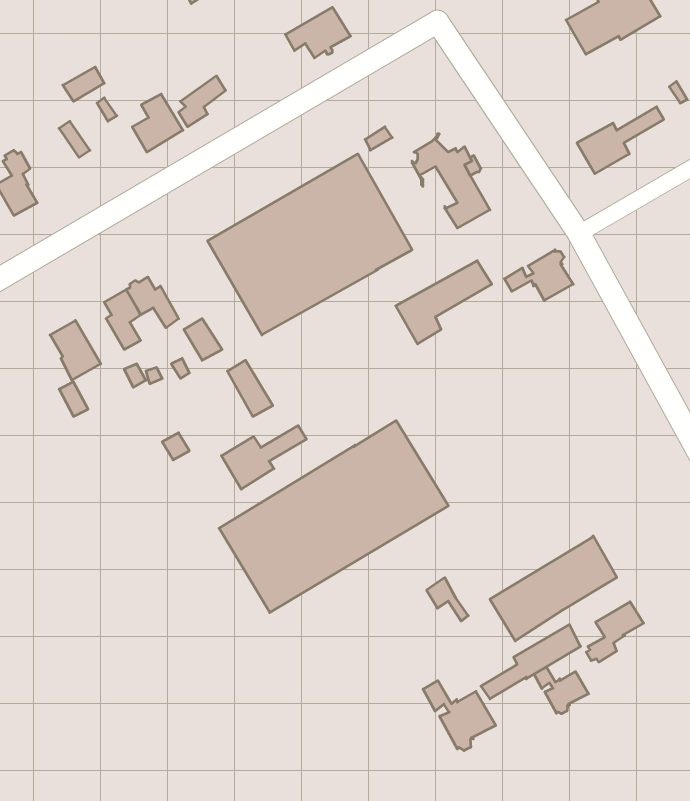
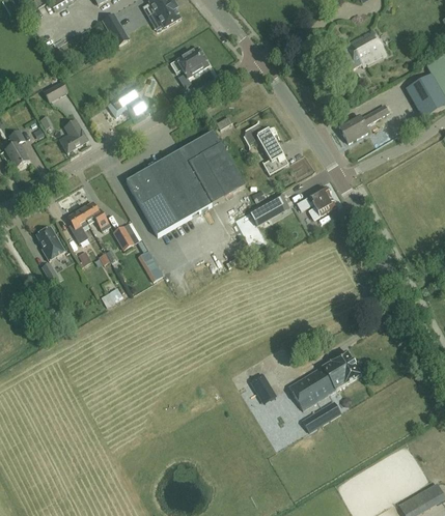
building: [132,94,183,152] -> [58,120,87,153]
building: [219,421,448,613] -> none
building: [221,426,306,489] -> none
building: [586,602,644,662] -> none
building: [534,667,589,714] -> none
building: [423,681,496,751] -> none

